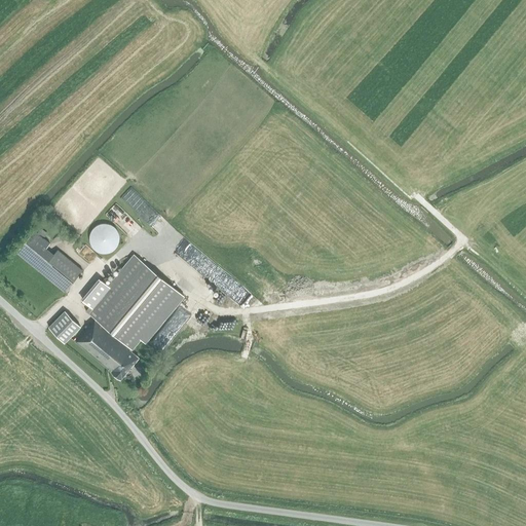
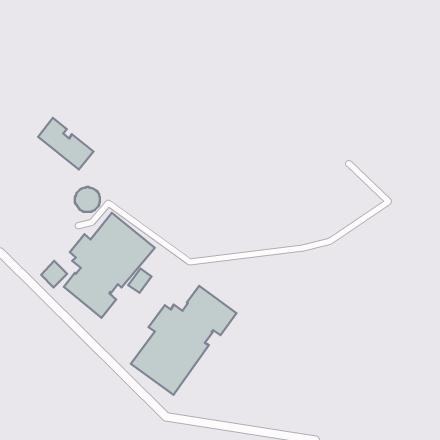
building: [16,230,82,292] -> [38,118,93,170]
building: none -> [131,286,237,395]

